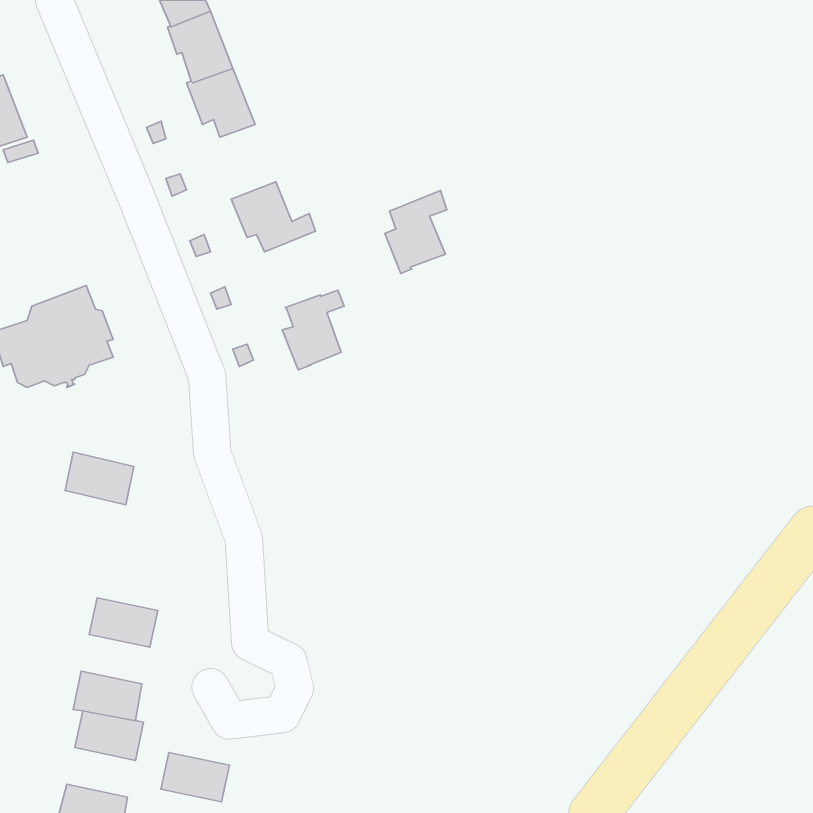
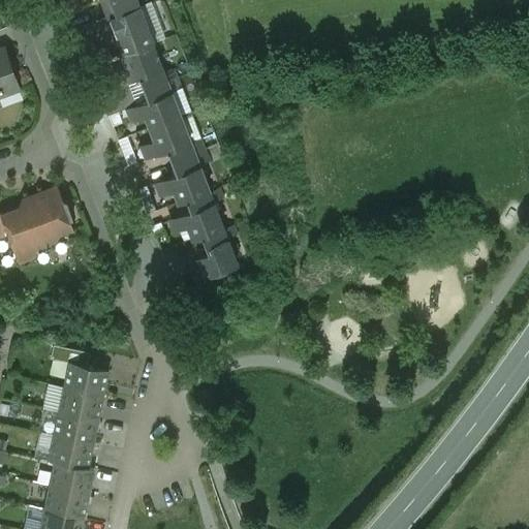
building: none -> [141,82,179,130]
building: [385,191,447,273] -> [168,151,209,205]
building: none -> [197,226,237,279]
building: [65,452,134,505] -> [63,363,107,397]
building: none -> [53,412,97,444]
building: [161,752,230,802] -> [43,486,88,518]

